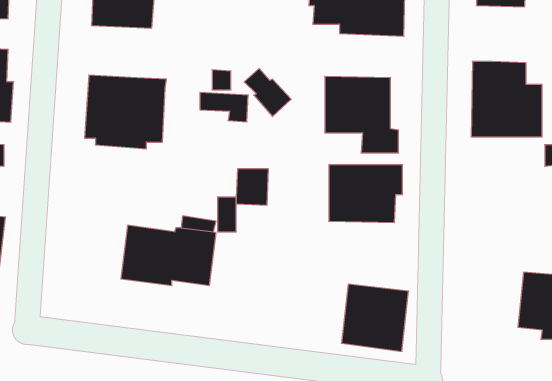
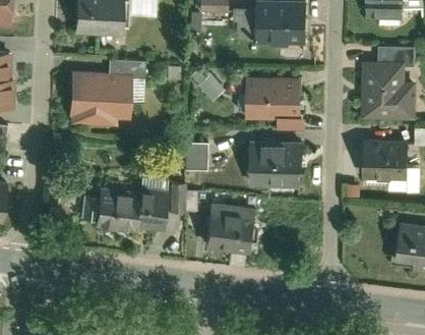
building: none -> [377,49,414,68]
building: [200,92,248,122] -> [108,62,144,85]
building: none -> [363,136,409,180]
building: [341,284,409,351] -> [210,202,261,253]

